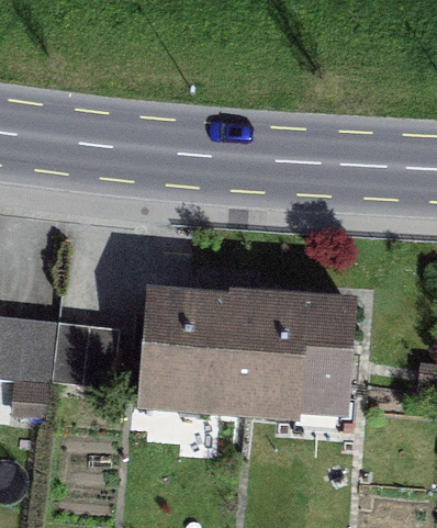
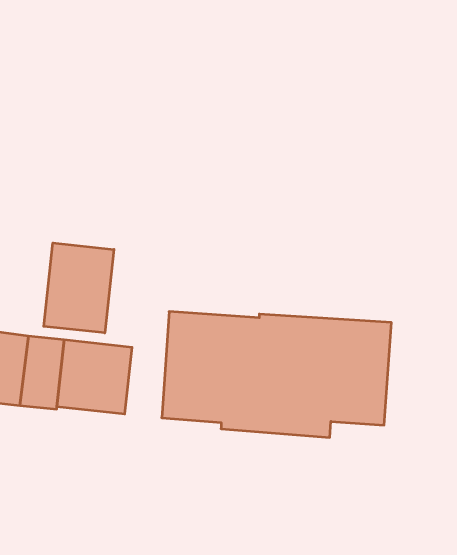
building: none -> [44,243,114,333]

